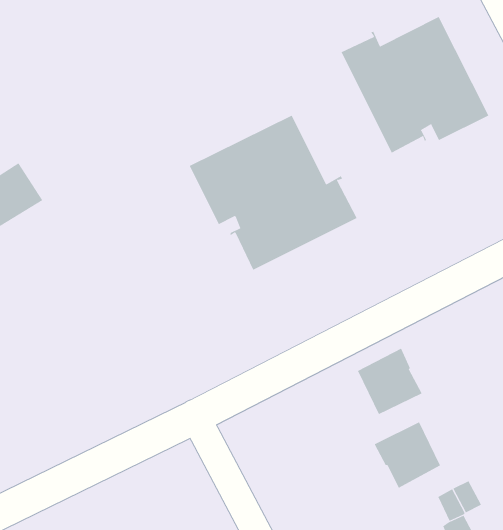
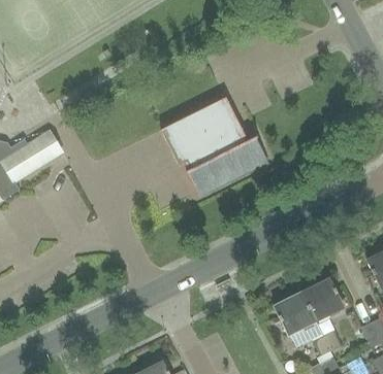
building: [341,16,489,154] -> none
building: [357,348,423,415] -> [302,277,344,319]

